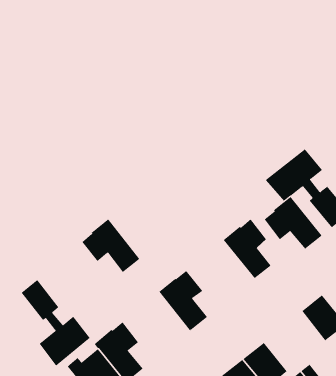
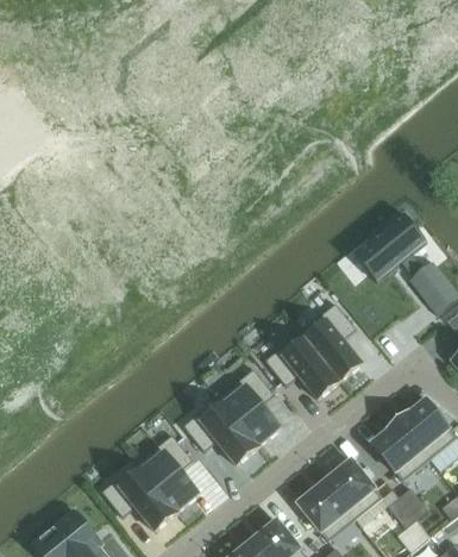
building: [264,196,323,250] -> [265,331,340,399]
building: [81,219,140,273] -> [183,396,258,465]
building: [21,279,91,367] -> none
building: none -> [372,421,429,481]

